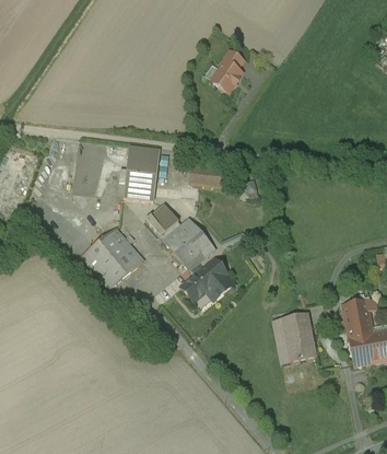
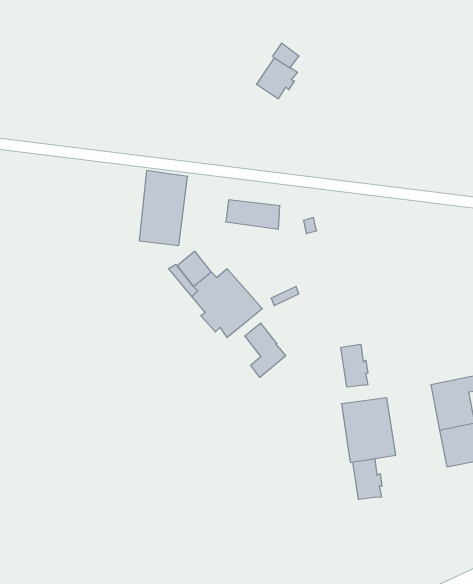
building: [85,226,145,288] -> none
building: [183,263,215,300] -> none
building: none -> [341,344,368,387]
building: none -> [353,459,382,500]

